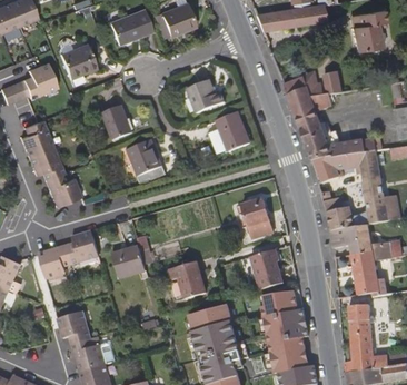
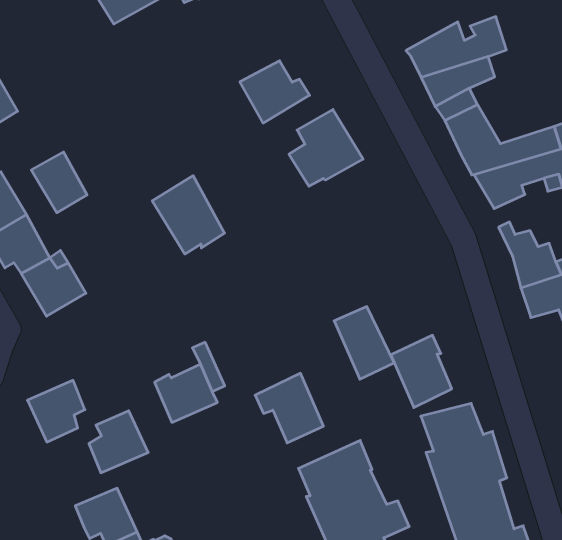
building: [60,43,96,78] -> none
building: [101,105,131,139] -> [31,152,87,213]
building: [241,198,272,239] -> [334,307,394,379]
building: [66,230,99,264] -> [89,411,148,473]

